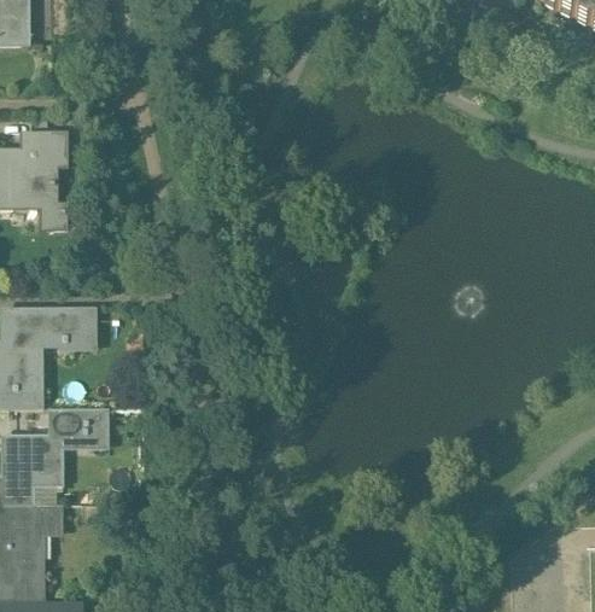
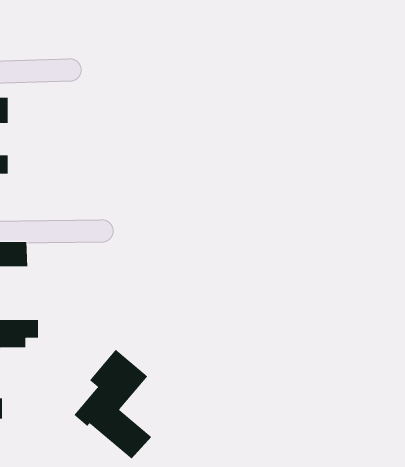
building: none -> [74,349,152,460]

